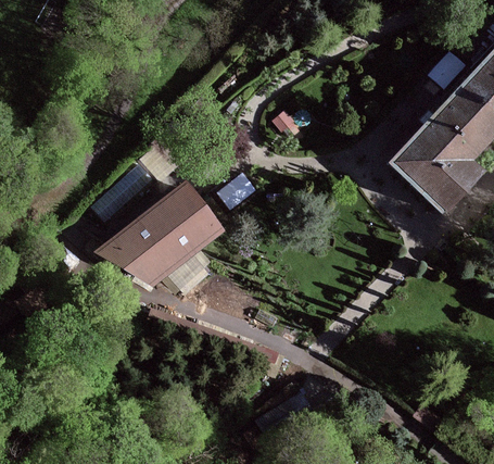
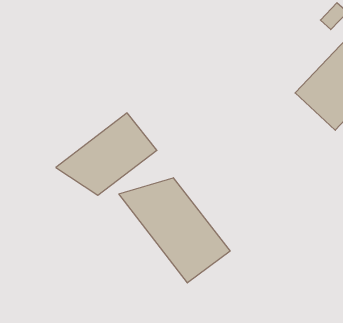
building: none -> [119,178,230,283]

